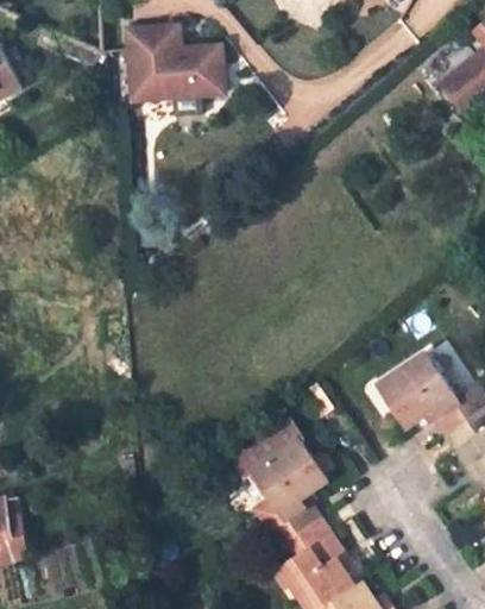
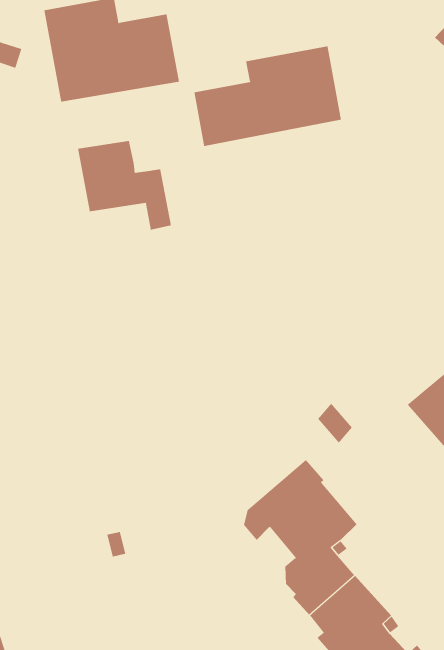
building: none -> [194,46,341,147]
building: none -> [78,140,171,231]

